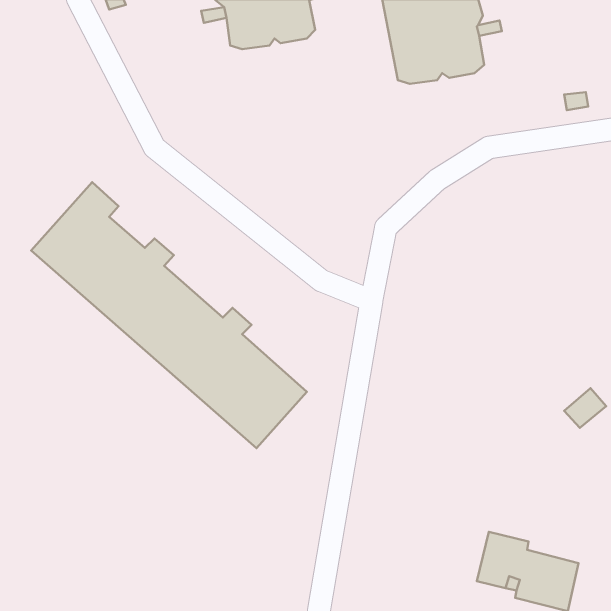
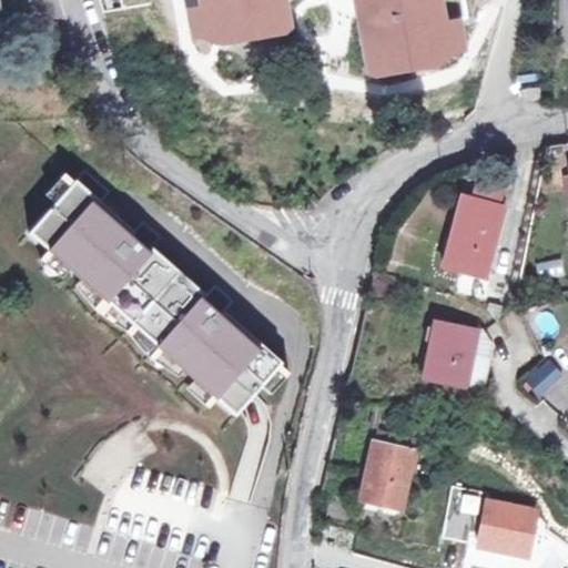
building: none -> [444,182,500,278]
building: none -> [422,324,476,389]
building: none -> [362,433,414,508]

